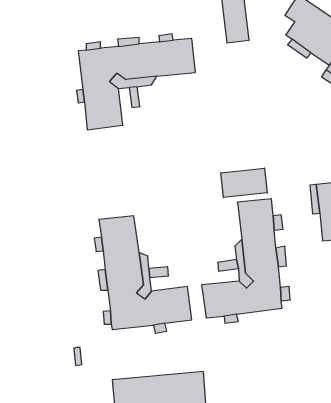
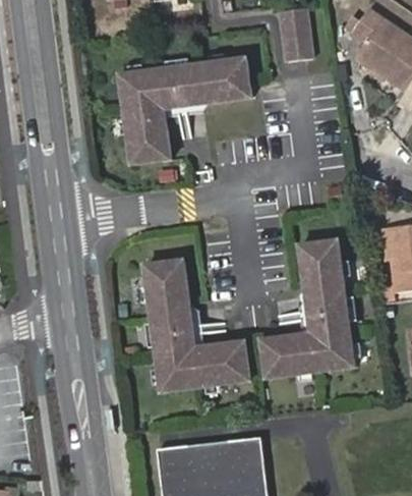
building: [221,168,267,198] -> none

